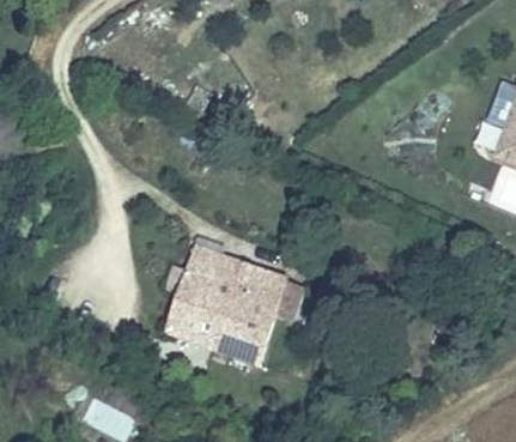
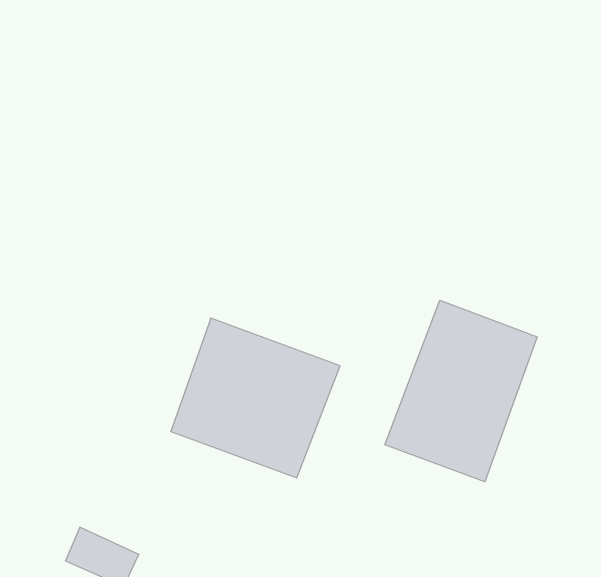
building: none -> [385,300,537,482]

